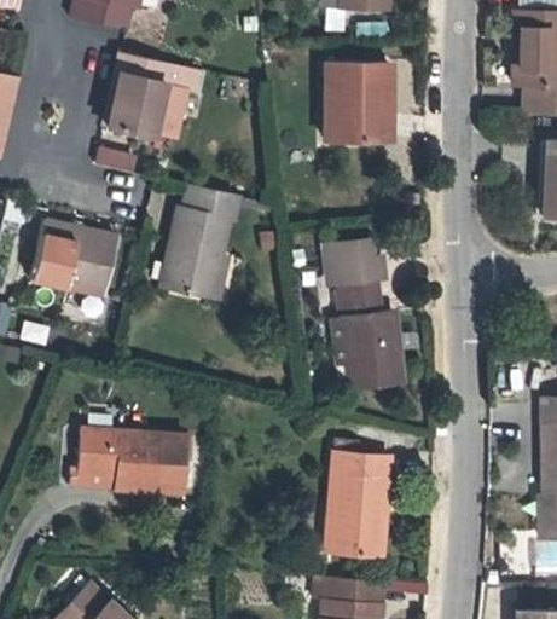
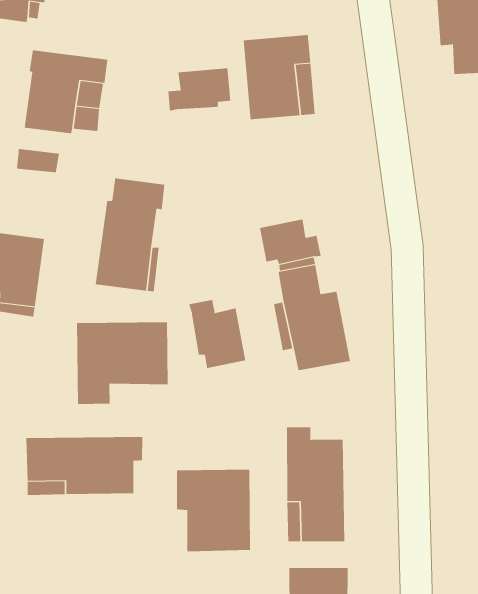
building: none -> [168,67,231,111]
building: none -> [189,299,246,369]
building: none -> [76,321,168,405]
building: none -> [176,469,251,552]

